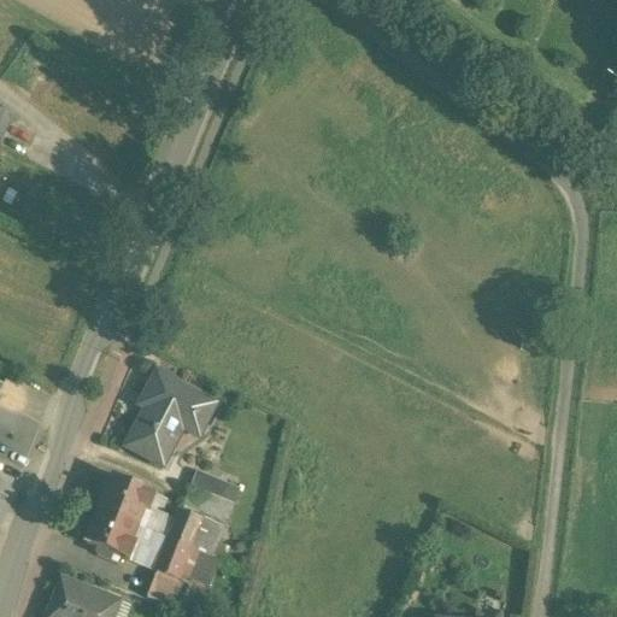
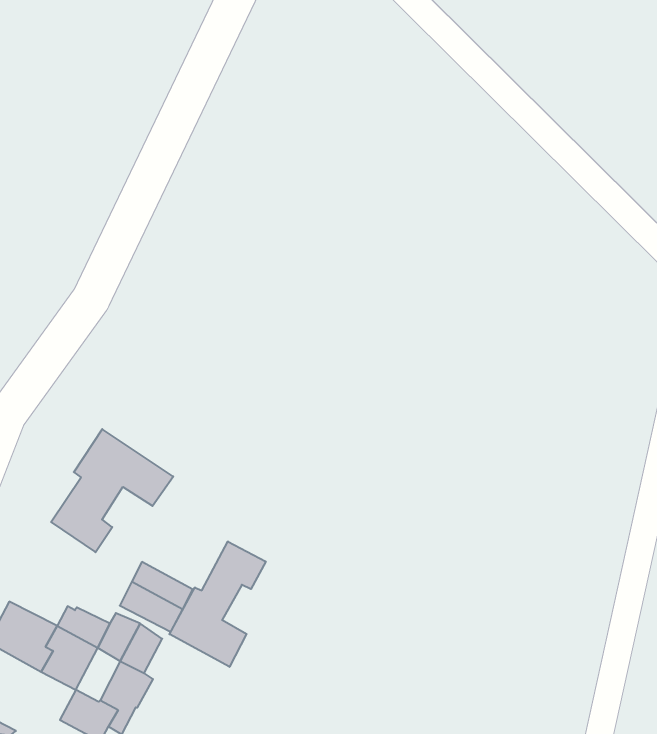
building: none -> [169,541,266,667]
building: [102,476,159,524] -> none
building: [160,537,192,578] -> none

